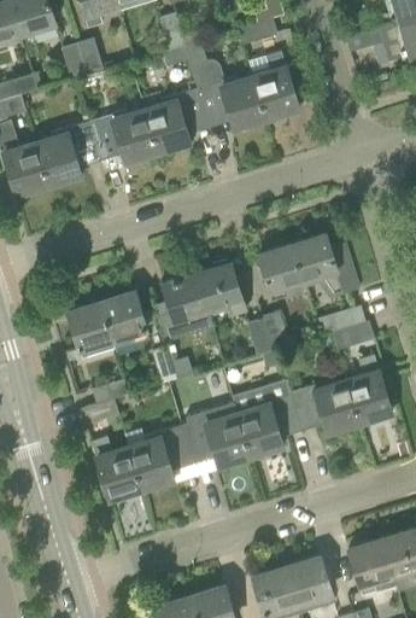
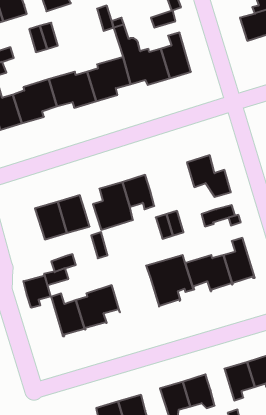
building: [259,244,304,299] -> none
building: [182,402,252,467] -> none
building: none -> [23,275,50,308]

